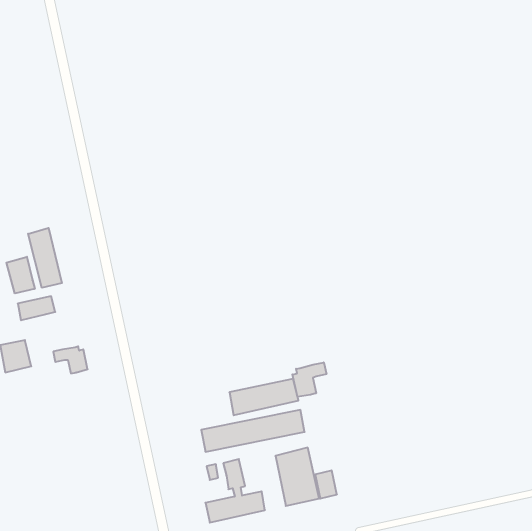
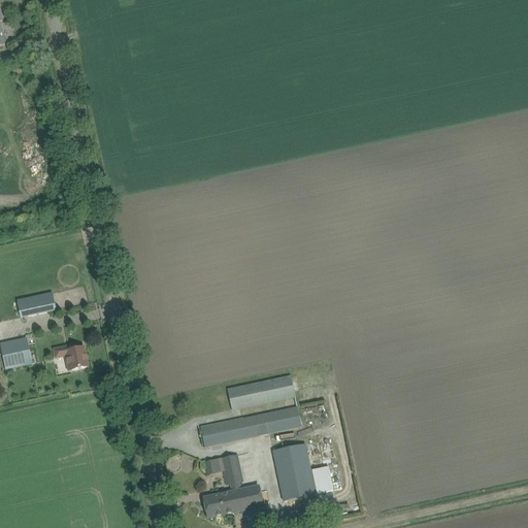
building: [28,228,62,288] -> none
building: [6,257,35,293] -> none
building: [292,362,326,397] -> none

